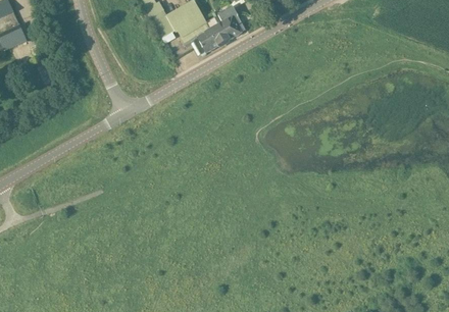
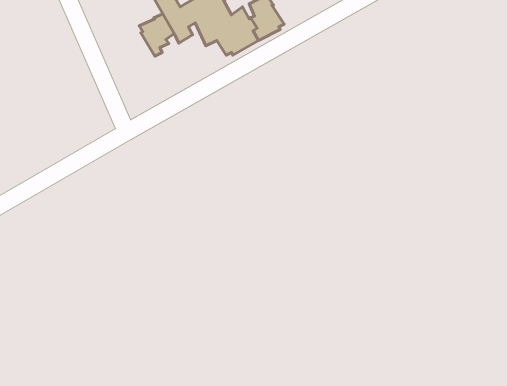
building: none -> [139,14,174,56]

